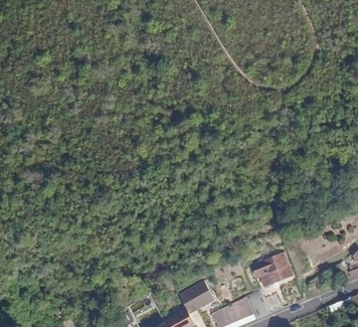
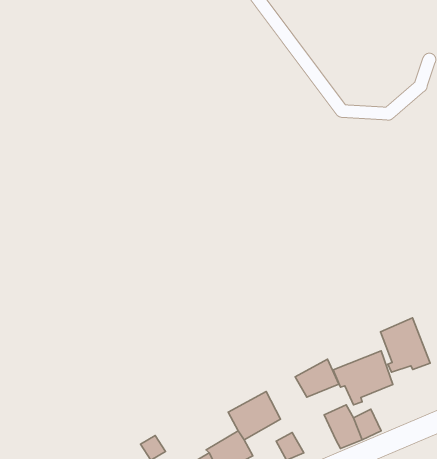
building: none -> [381,318,430,372]
building: [222,296,252,322] -> [295,359,339,397]

